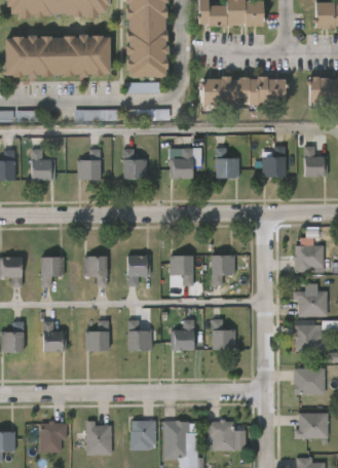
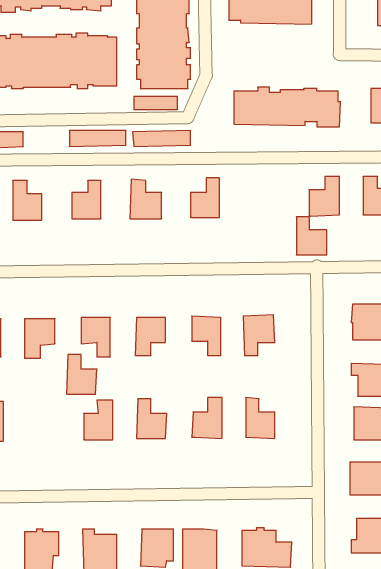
building: [216,147,239,177] -> [296,217,327,255]
building: [42,320,66,351] -> [67,355,97,394]

